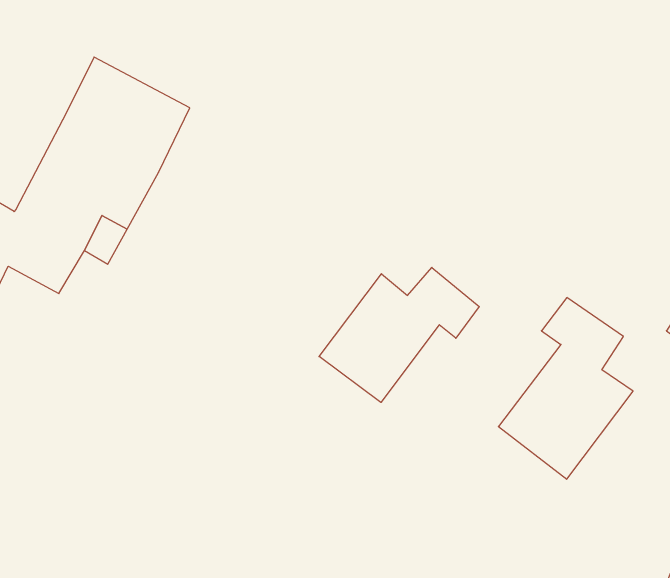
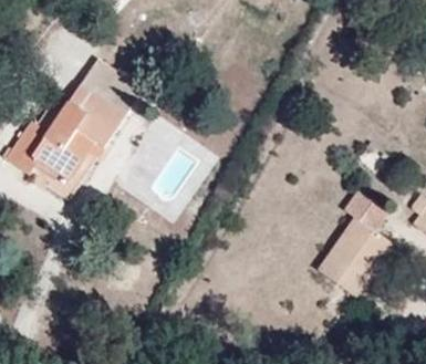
building: [319,267,479,402] -> none

